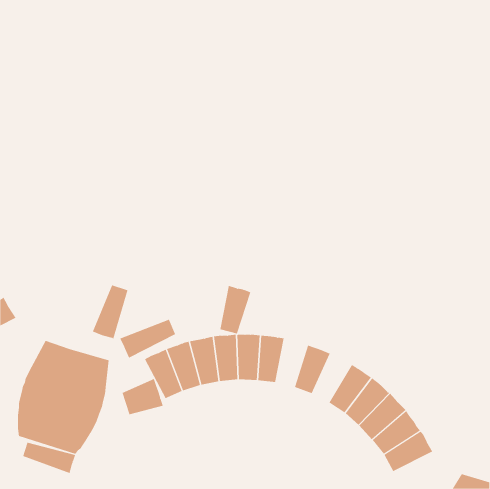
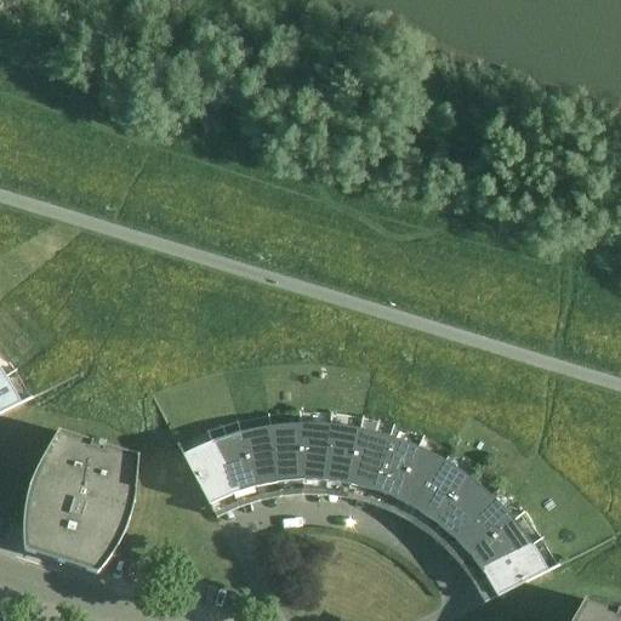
building: [92,284,128,340] -> none
building: [219,285,251,334] -> [348,427,388,489]
building: [120,319,176,359] -> none
building: none -> [394,446,444,508]
building: [122,378,163,415] -> none
building: [22,442,76,474] -> none

